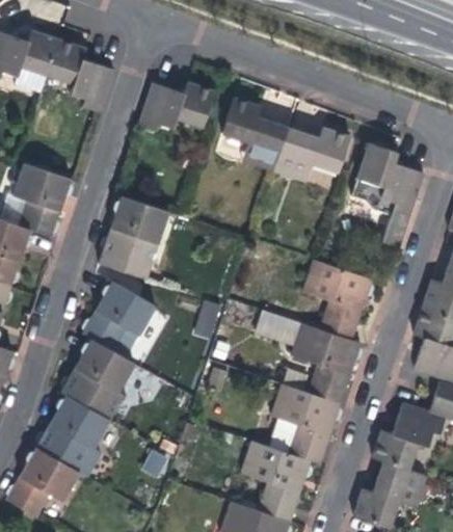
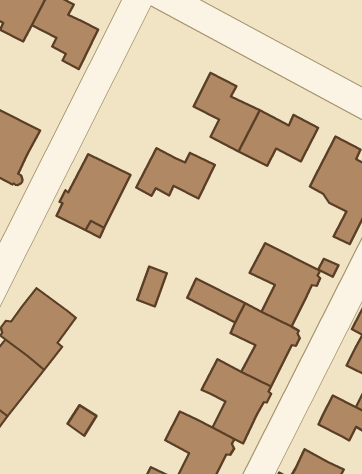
building: [139,82,215,131] -> [136,148,215,199]
building: [83,281,156,357] -> none
building: [372,430,419,471] -> none

